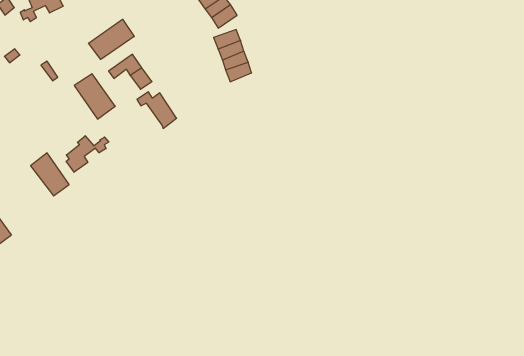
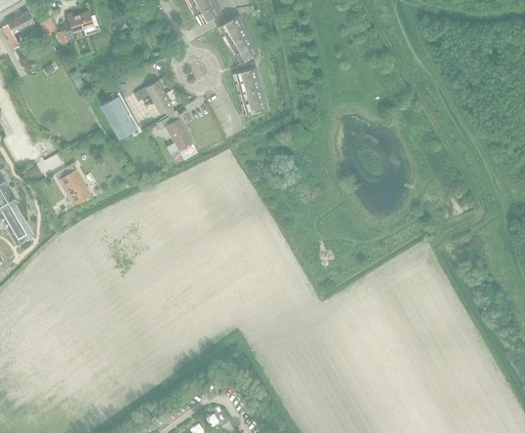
building: [89,19,134,59] -> none
building: [66,136,109,172] -> none

